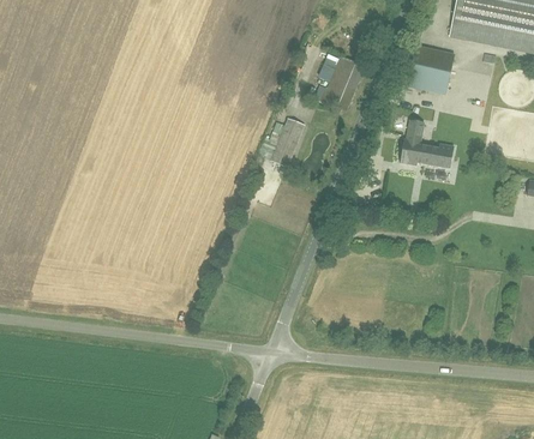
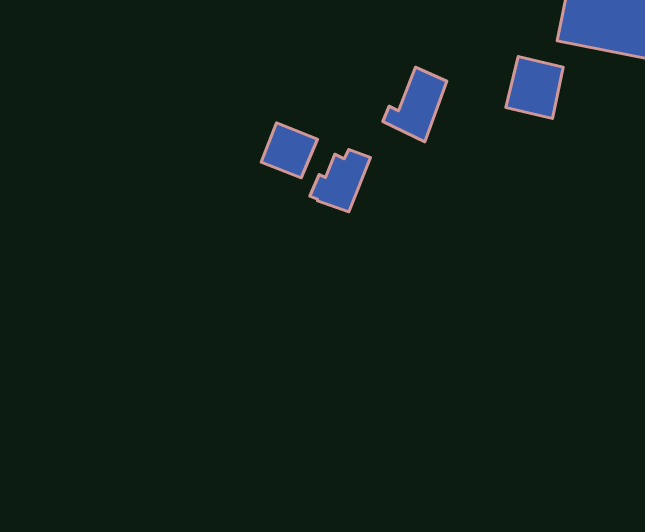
building: none -> [261,123,318,178]
building: [400,119,454,168] -> none

